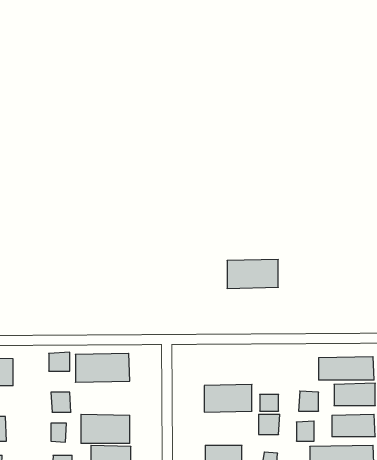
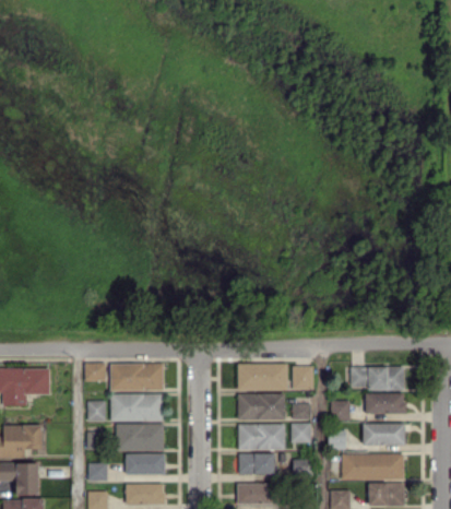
building: [227,260,278,288] -> [238,363,288,391]
building: none -> [293,365,314,390]
building: none -> [111,393,164,421]
building: none -> [239,424,286,450]

